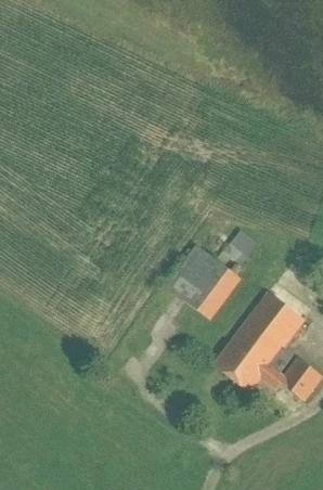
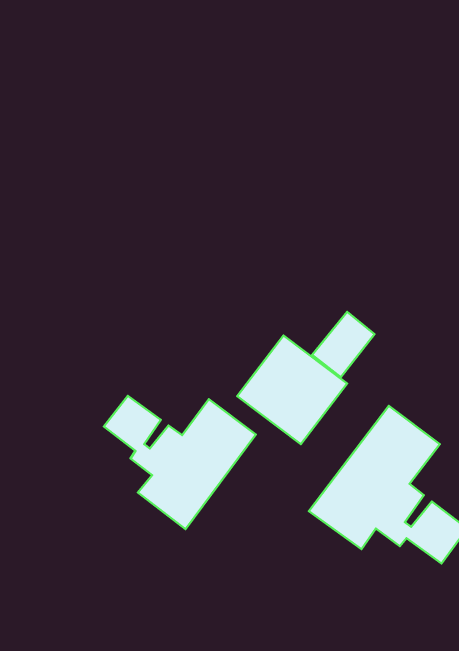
building: none -> [104,396,256,529]

